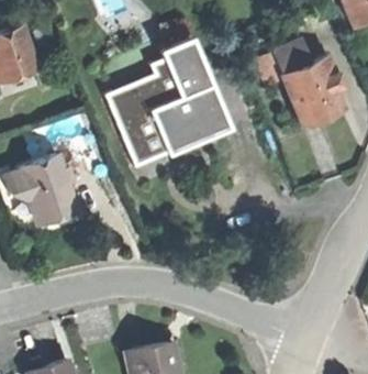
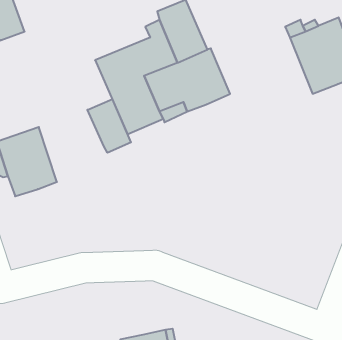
building: none -> [87,99,131,153]

